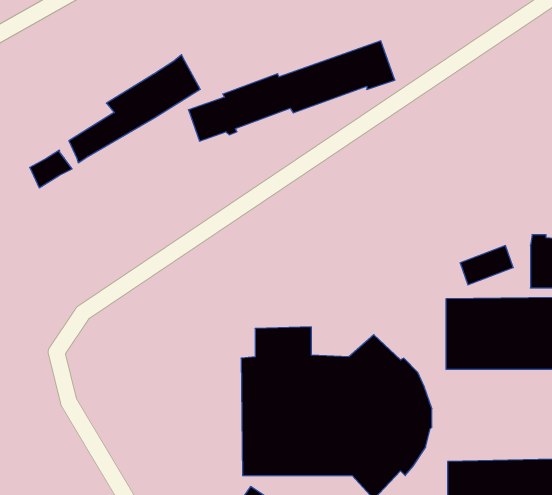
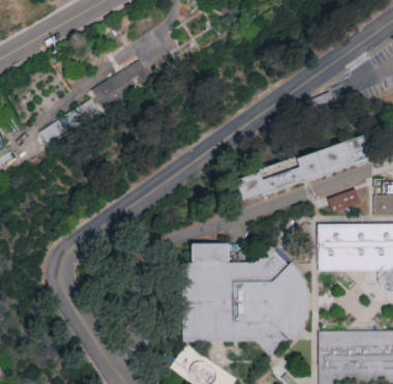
building: [188,41,395,141] -> [236,132,372,199]

